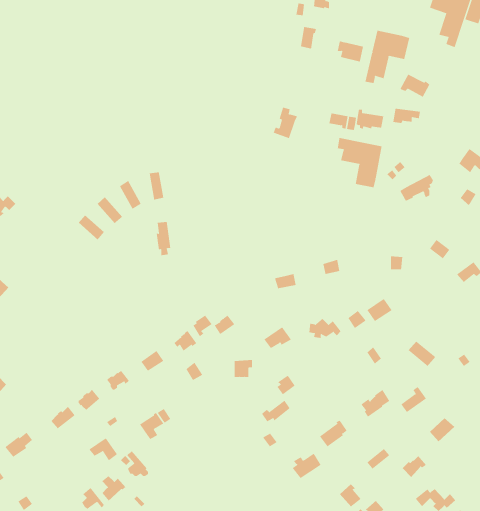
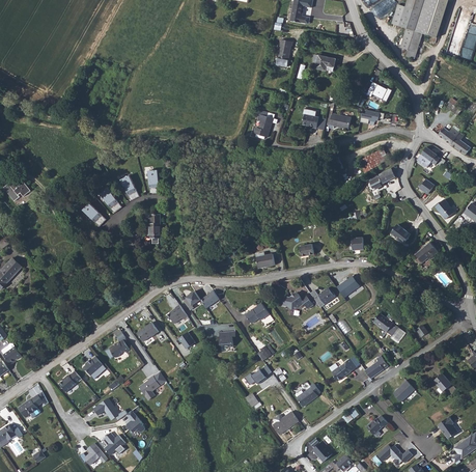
building: [365,30,410,84] -> none
building: [337,137,382,188] -> none

